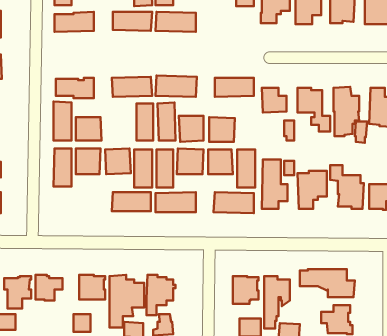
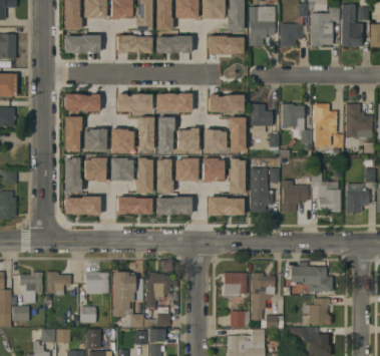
building: none -> [207,35,243,54]
building: none -> [228,117,245,151]
building: none -> [109,128,132,151]
building: none -> [63,196,99,215]

